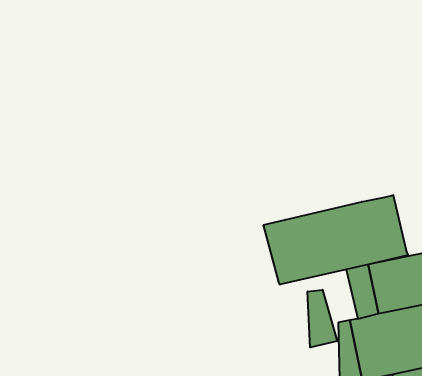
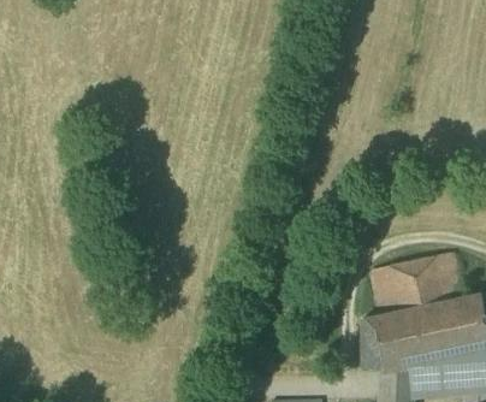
building: [264,195,408,285] -> none
building: [308,290,337,347] -> none

